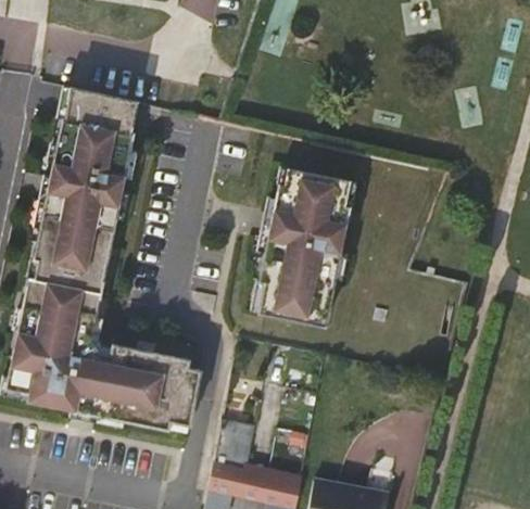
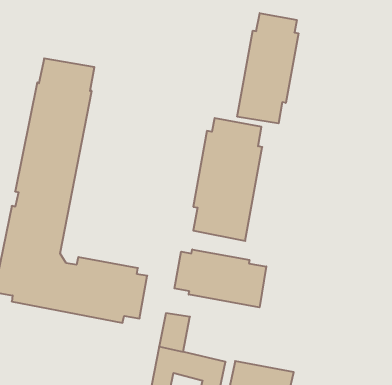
building: none -> [237,13,298,123]
building: none -> [174,249,266,307]

